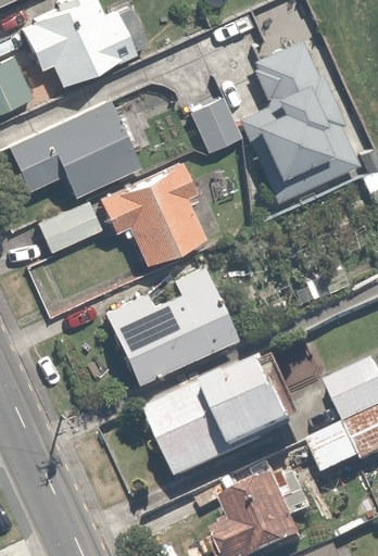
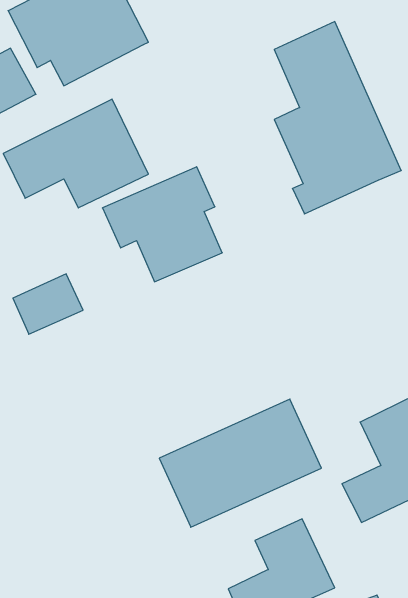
building: [189,99,241,153] -> none
building: [39,198,102,252] -> [13,274,83,334]
building: [105,266,240,386] -> none

